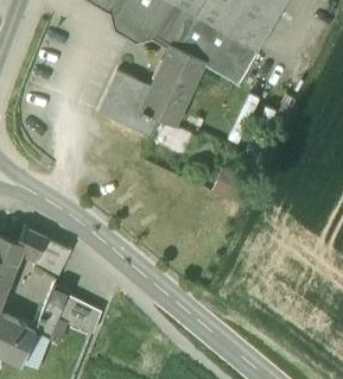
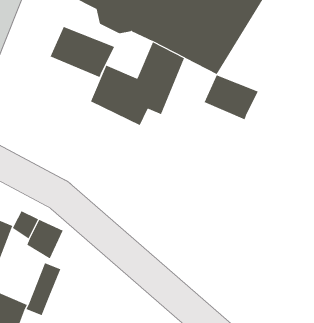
building: none -> [50,26,115,78]
building: none -> [204,75,258,120]
building: [57,292,102,331] -> none

